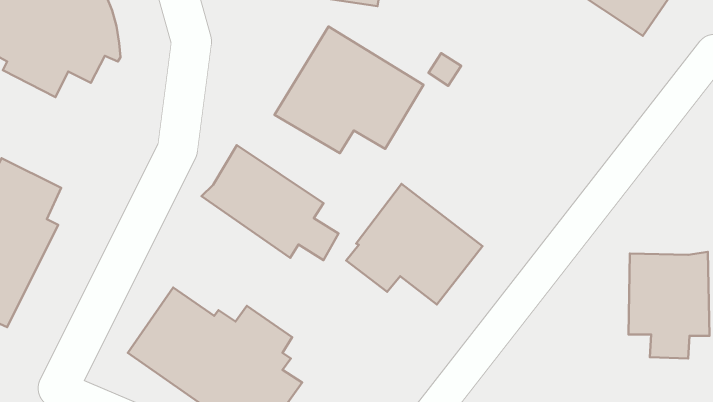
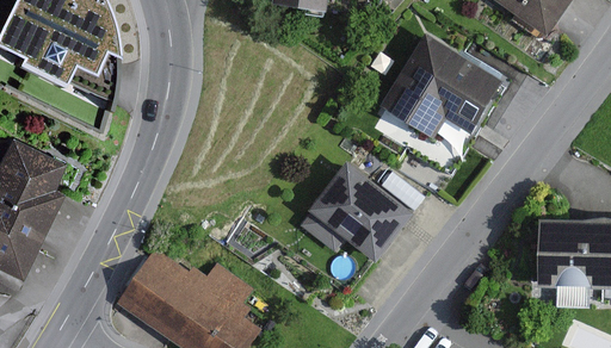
building: [275,27,424,153] -> [381,32,506,138]
building: [201,145,339,260] -> none

